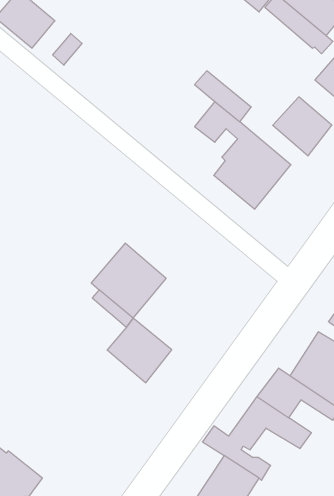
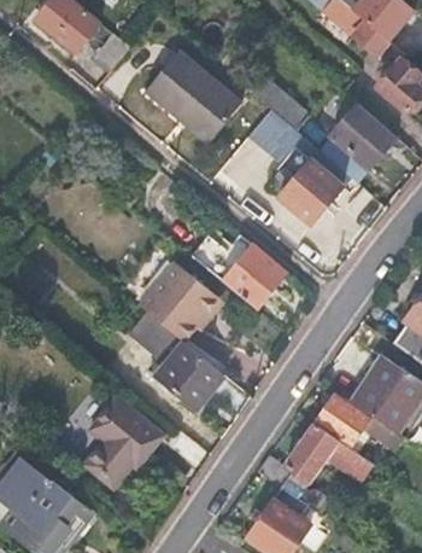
building: none -> [143,52,240,145]
building: none -> [191,232,287,309]
building: none -> [74,398,163,485]

